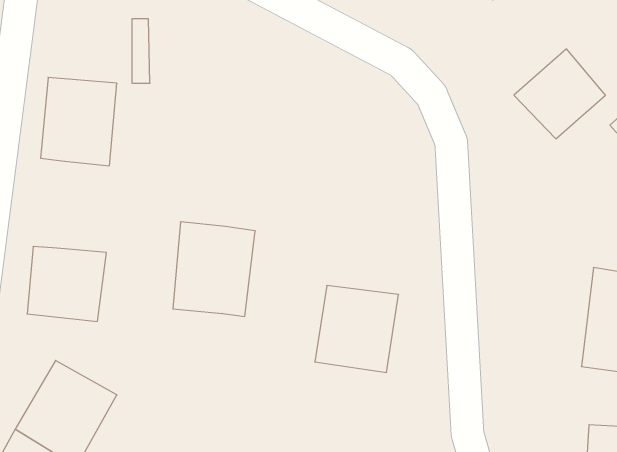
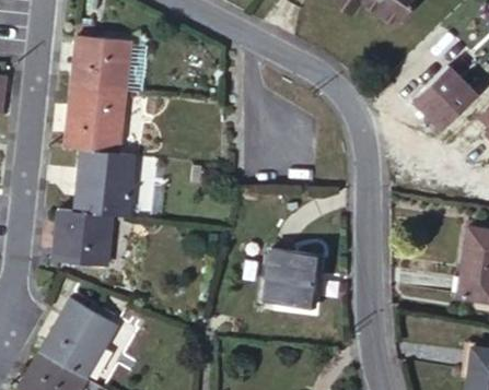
building: none -> [70,35,126,91]
building: [173,222,255,316] -> [77,147,137,216]

